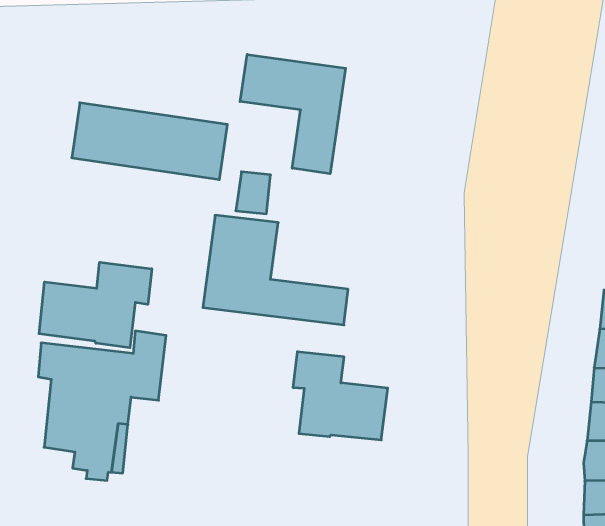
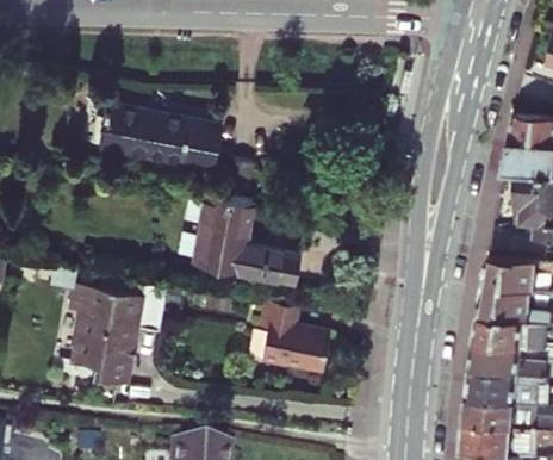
building: [240,54,346,174] -> none
building: [39,262,152,348] -> none

